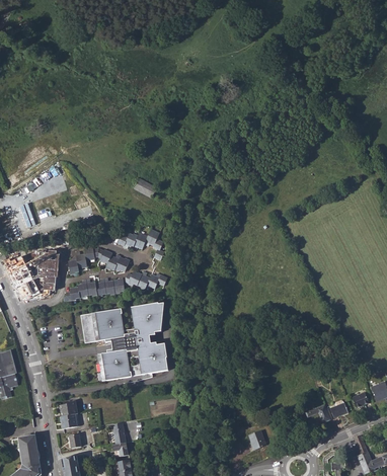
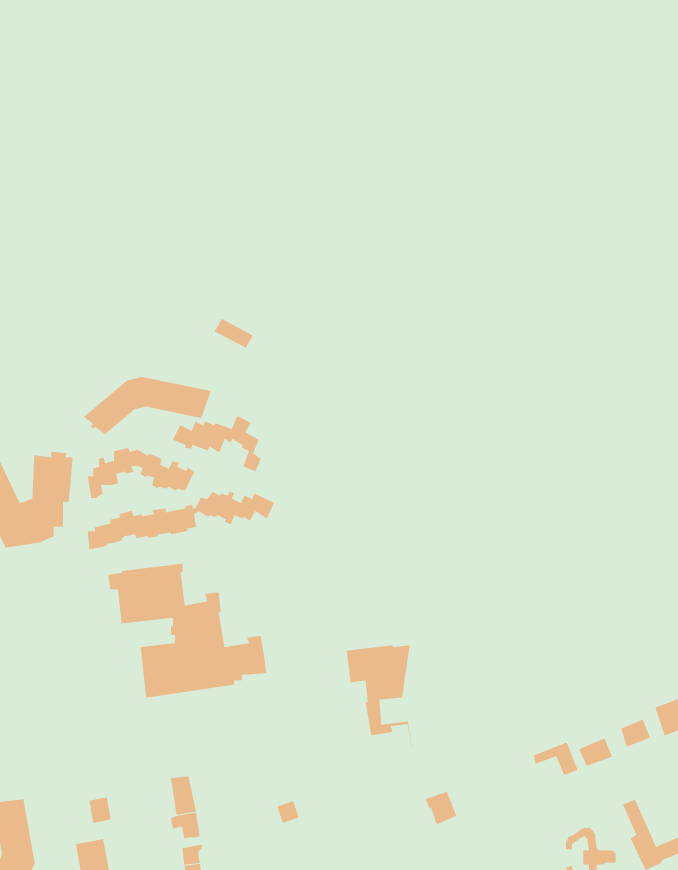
building: none -> [83,376,211,435]
building: [129,305,164,360] -> [346,645,412,747]
building: [58,400,78,428] -> none

